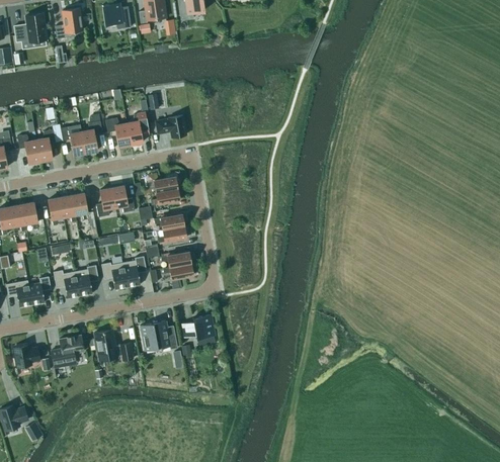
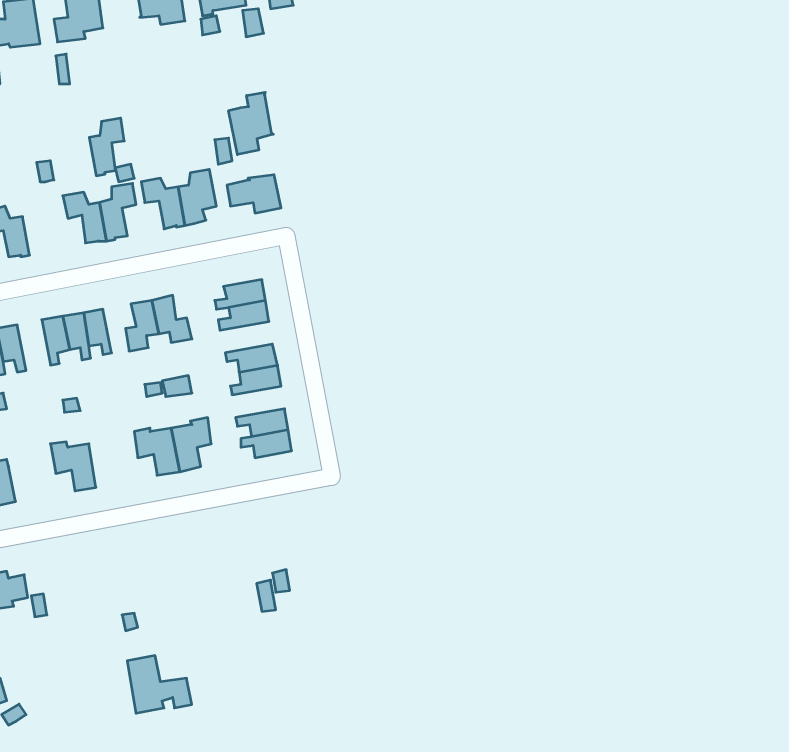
building: none -> [229,92,273,155]
building: [36,128,57,162] -> [89,118,124,176]
building: [75,265,98,296] -> none
building: [28,276,51,304] -> none
building: [181,314,214,338] -> none
building: [140,320,177,351] -> none
building: [95,330,133,363] -> [127,656,192,713]
building: [51,335,84,364] -> none

